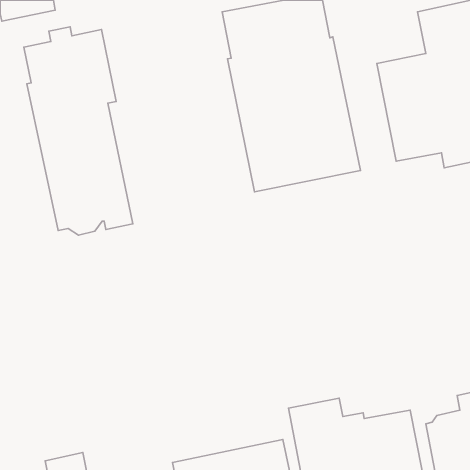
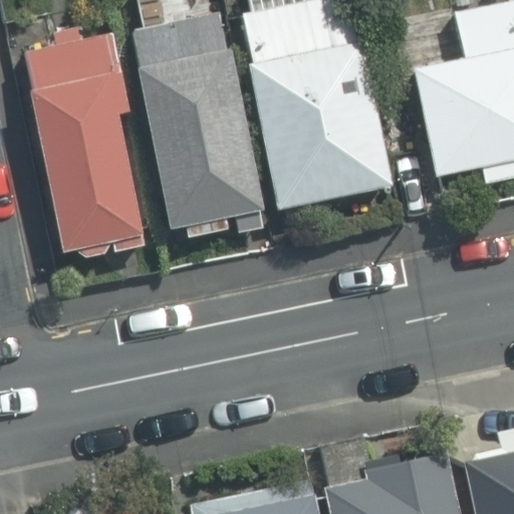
building: none -> [133,13,262,237]

